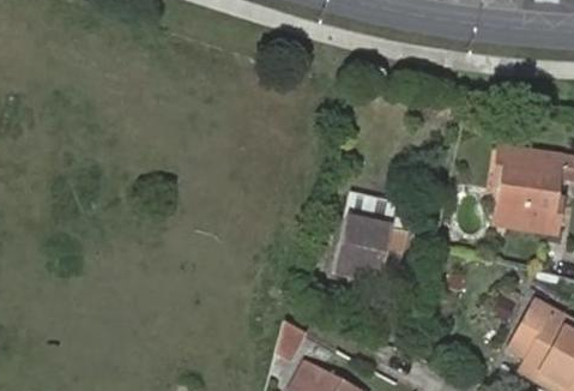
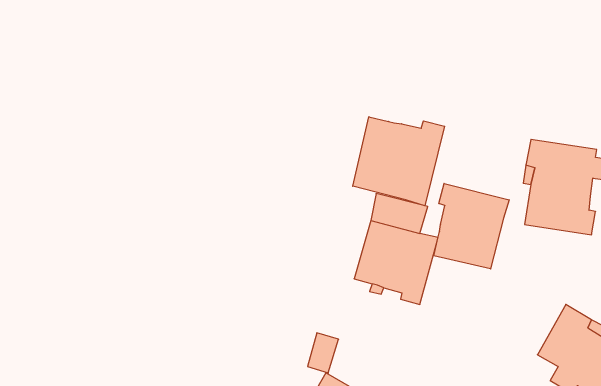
building: none -> [353,117,445,206]
building: none -> [434,183,509,269]

